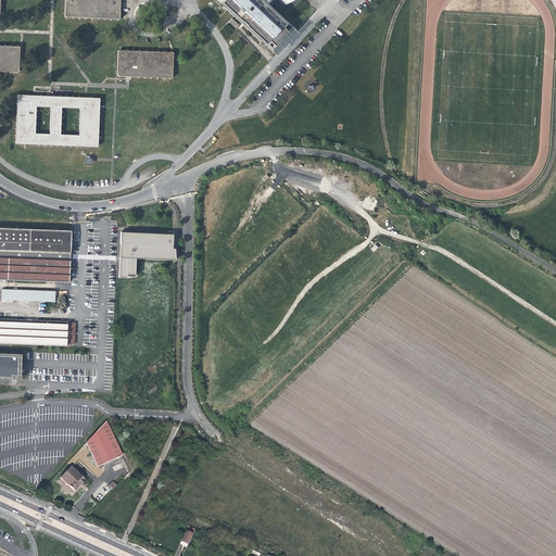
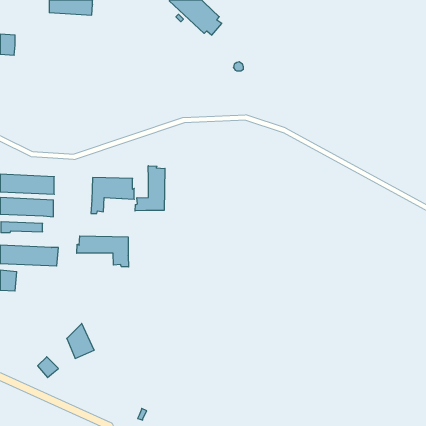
building: [117,50,173,78] -> none
building: [15,94,100,147] -> none
building: none -> [135,166,165,211]
building: none -> [77,236,129,267]

